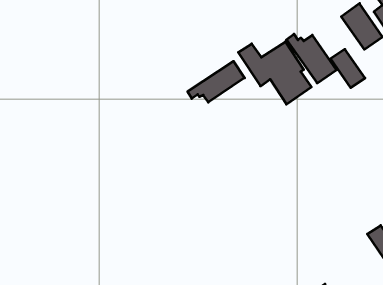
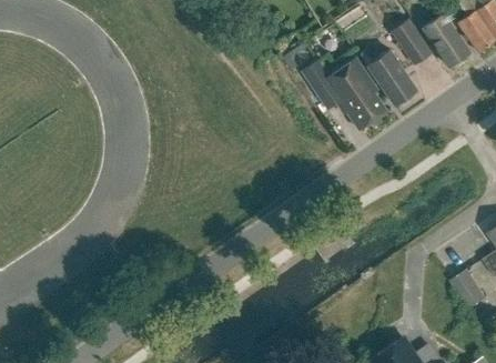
building: [330,49,365,88] -> [392,20,432,64]
building: [188,61,245,102] -> none

